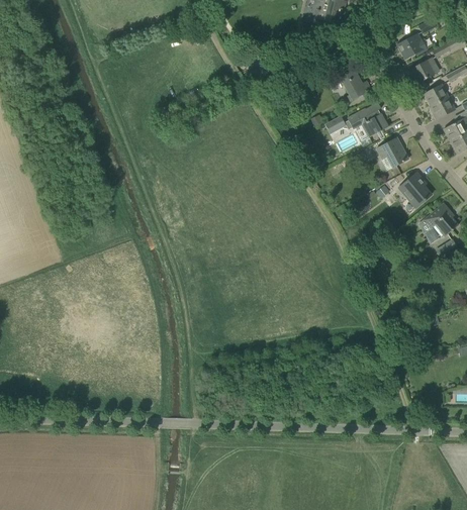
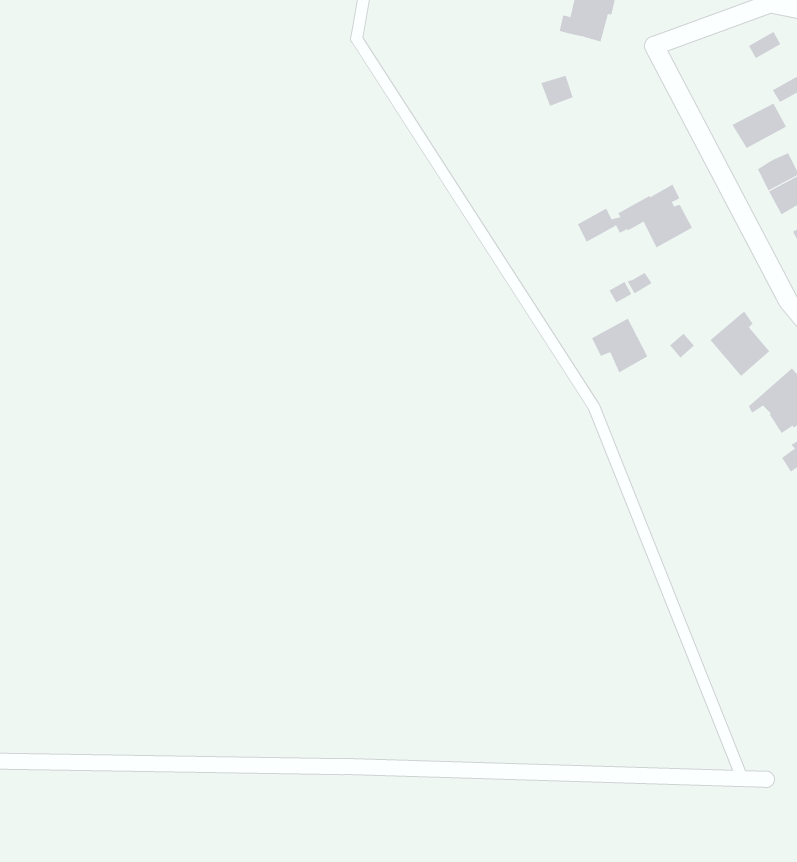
building: [397,32,427,58] -> none
building: [340,68,372,101] -> none
building: [377,136,408,167] -> [591,318,648,373]

